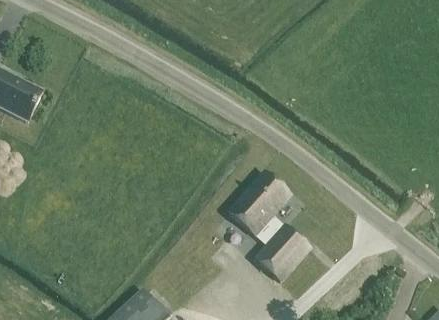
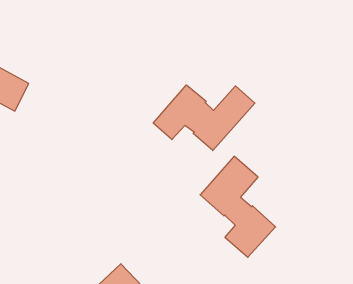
building: none -> [153,85,255,151]

